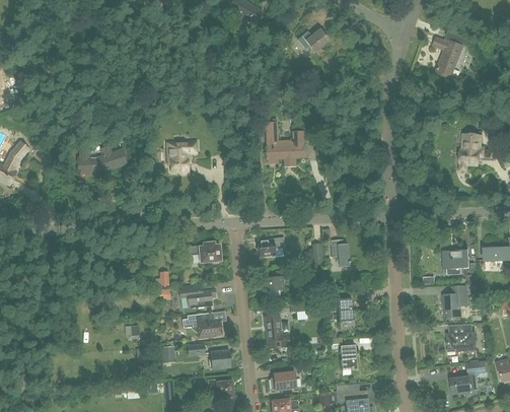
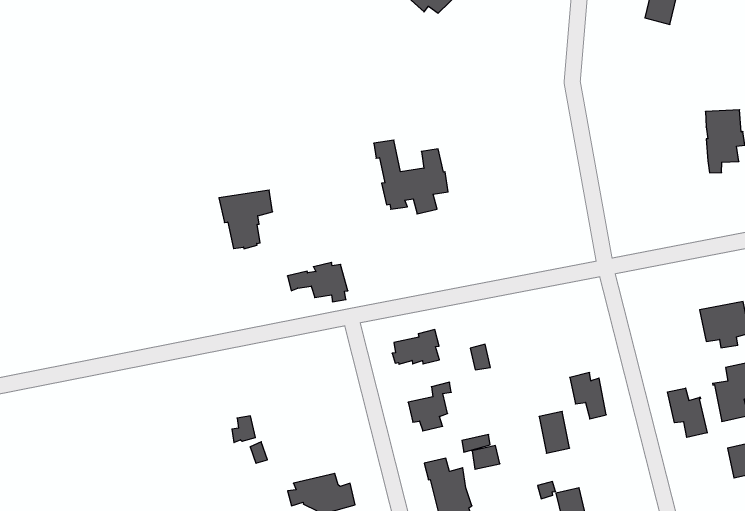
building: [79,145,133,175] -> none
building: [332,237,350,265] -> [570,373,606,419]
building: [188,242,222,265] -> [287,262,348,302]
building: [179,283,215,306] -> none
building: none -> [668,388,707,437]

